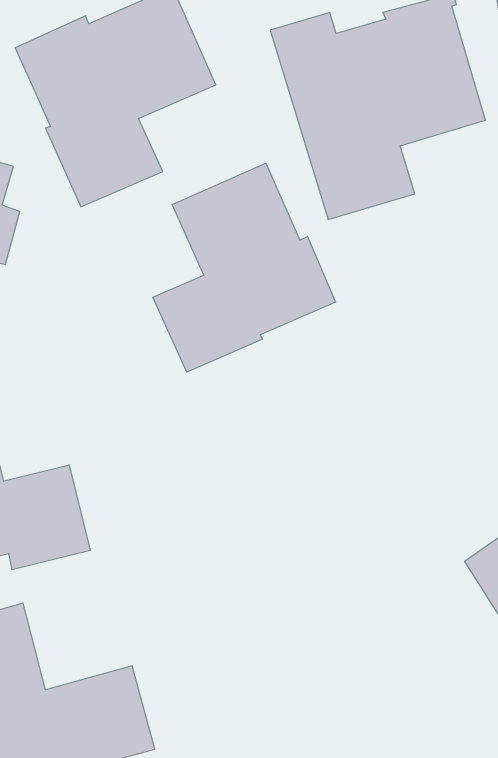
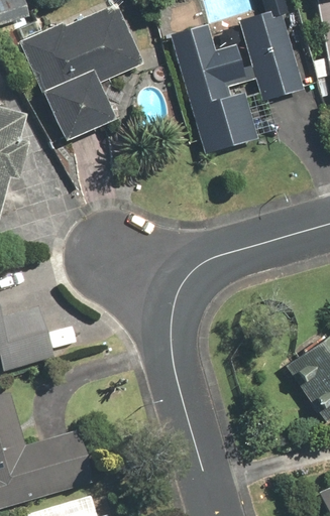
building: [153,163,336,372] -> none

